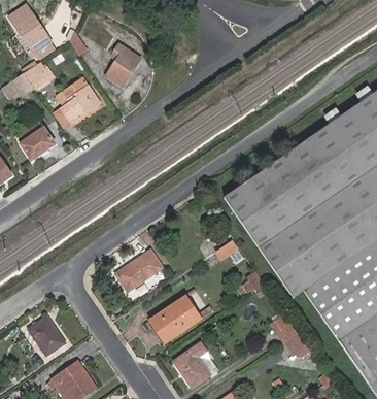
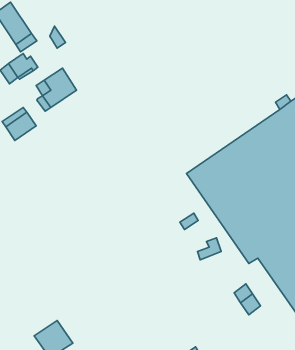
building: [107,44,140,86] -> none
building: [116,251,162,291] -> none
building: [151,296,200,341] -> none
building: [30,317,65,354] -> none
building: [174,342,210,387] -> none

